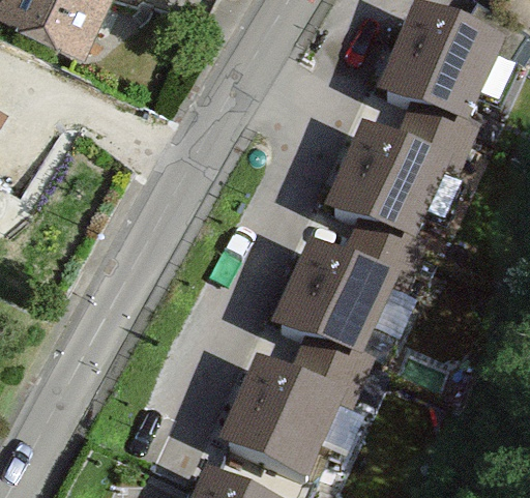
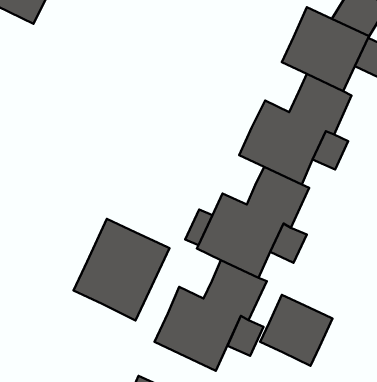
building: none -> [74,219,169,320]
building: none -> [260,295,333,366]

